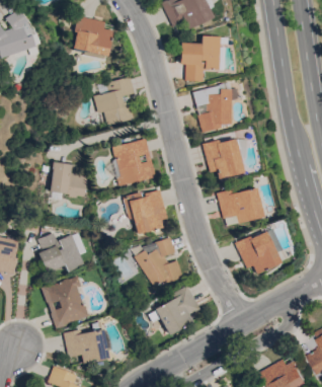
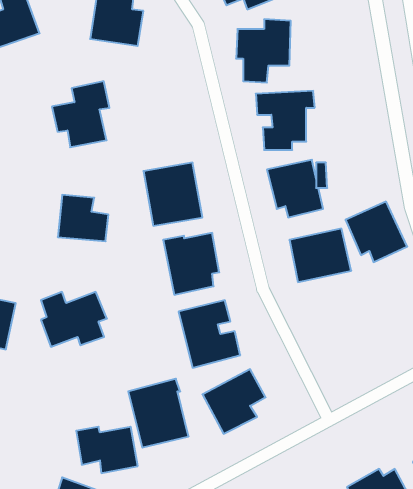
building: [94,77,136,125] -> [52,81,109,147]
building: [235,230,279,274] -> [345,202,407,262]
building: [44,277,87,326] -> [128,379,189,448]

